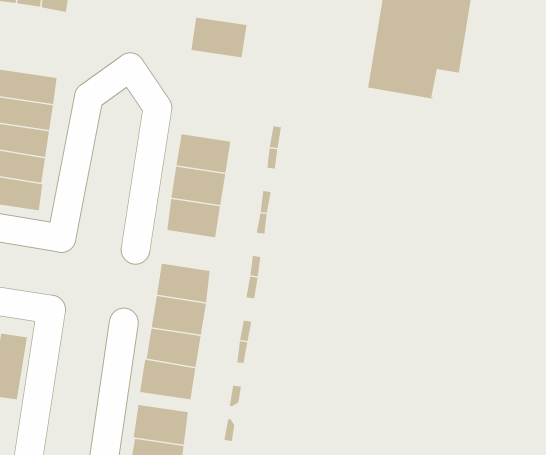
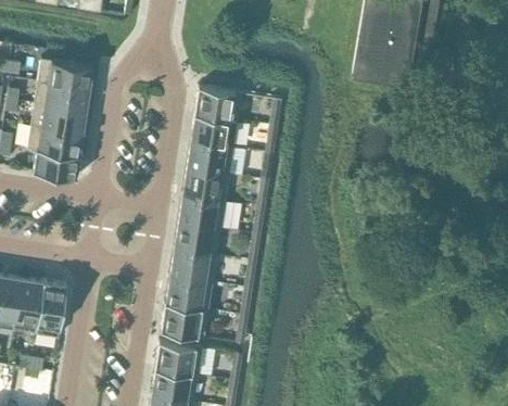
building: [190,17,247,58] -> [193,85,241,119]
building: none -> [178,194,224,228]

